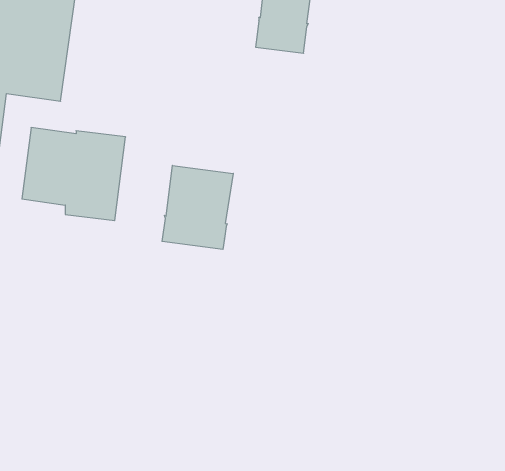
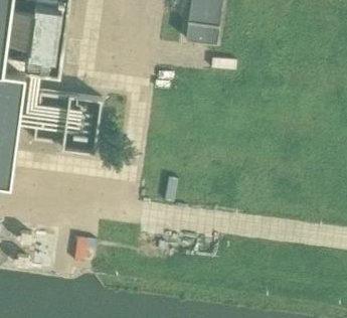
building: [162,165,233,249] -> none

